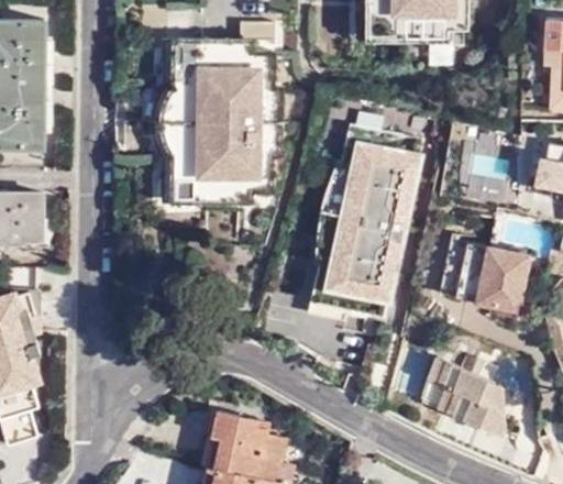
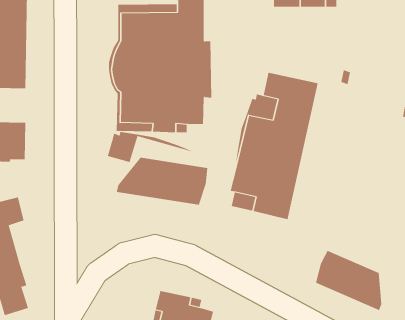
building: none -> [107,131,198,163]
building: none -> [116,157,208,206]
building: [438,238,529,309] -> none

